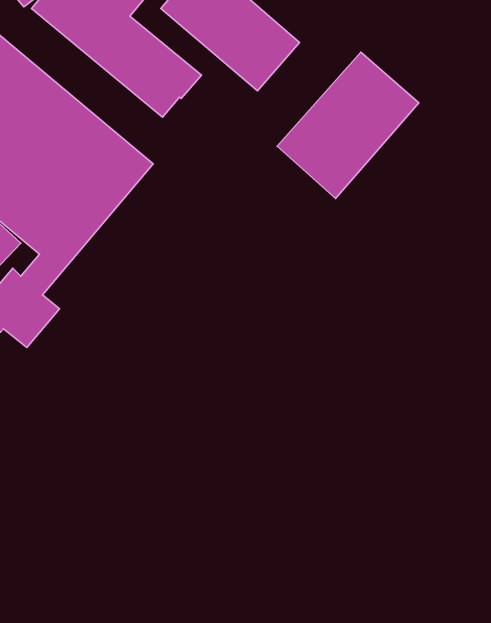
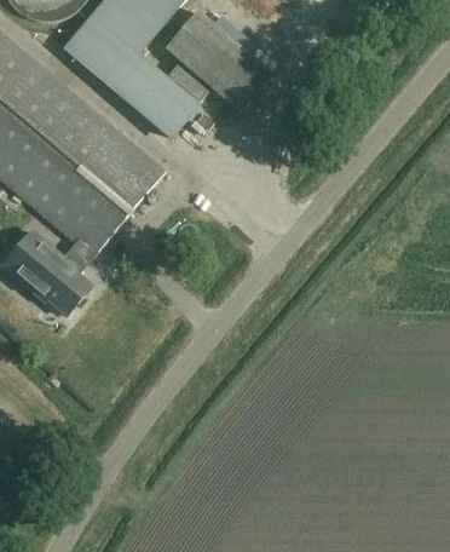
building: [277,52,419,198] -> none

